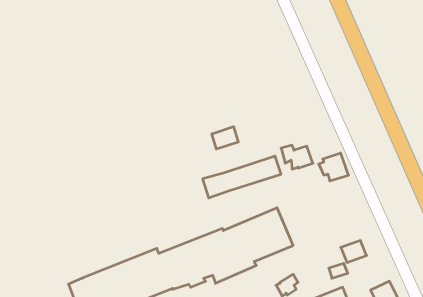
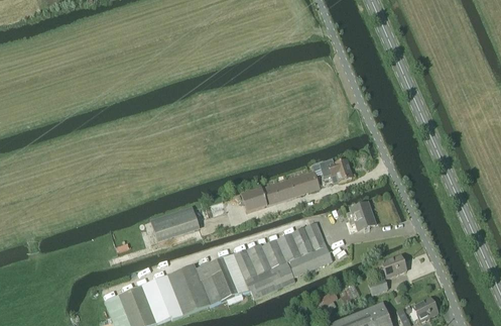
building: [212,127,238,149] -> none
building: [319,153,349,181] -> [346,202,376,230]
building: none -> [151,206,199,240]

